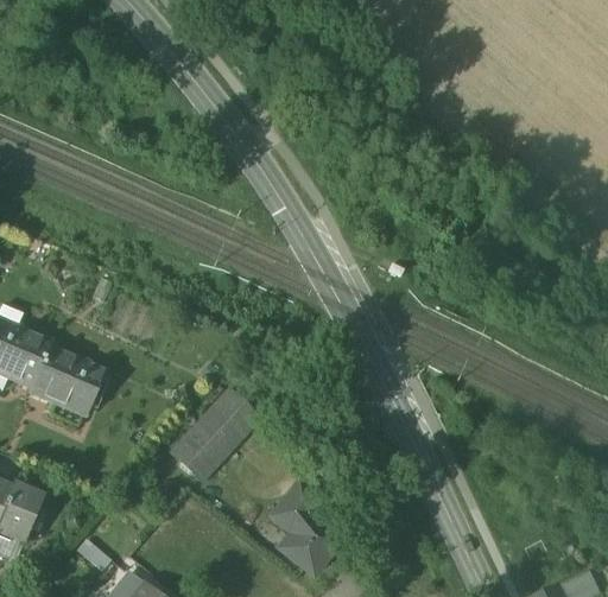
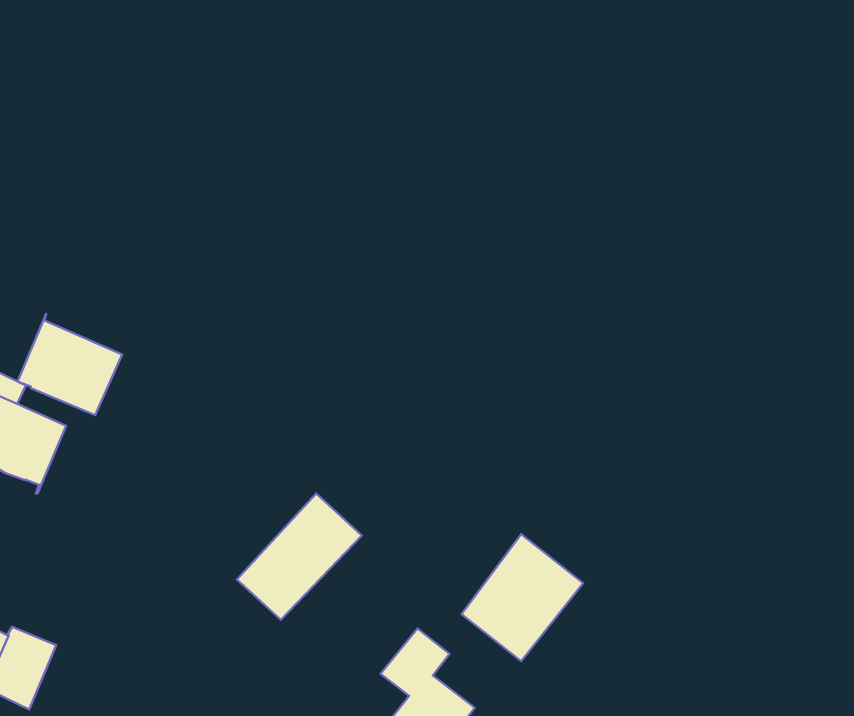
building: [30,342,103,413] -> [17,314,122,415]
building: none -> [462,534,583,661]

